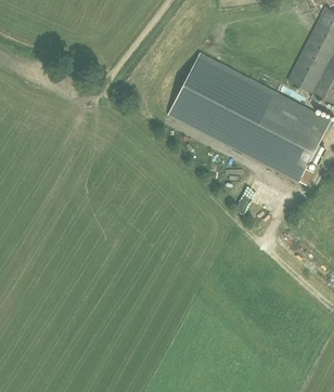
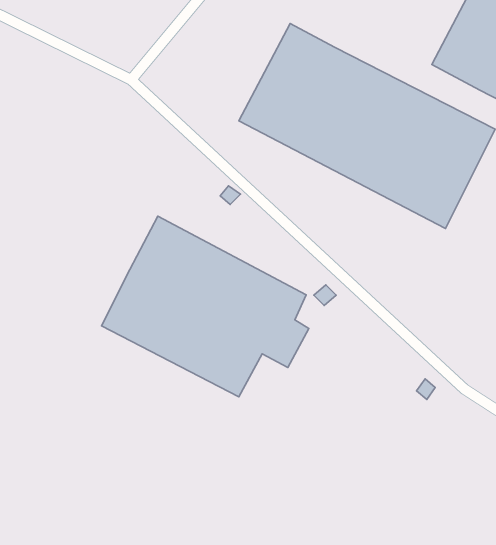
building: none -> [102,216,309,397]

